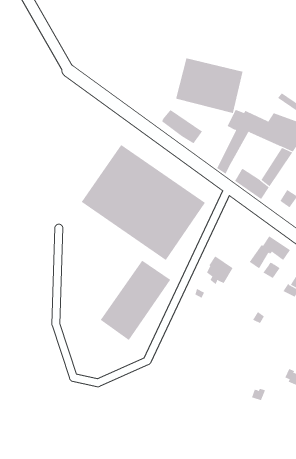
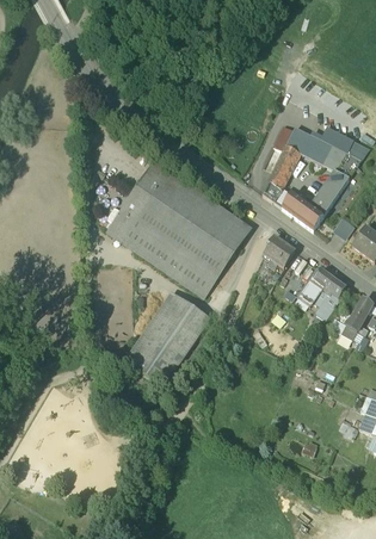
building: [176,58,243,114] -> none
building: [161,109,203,144] -> none
building: [206,256,234,285] -> [264,236,295,270]

